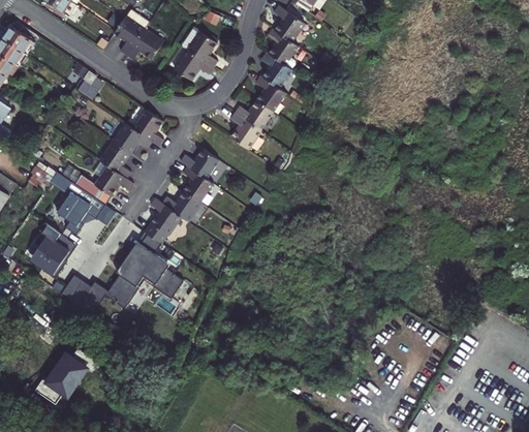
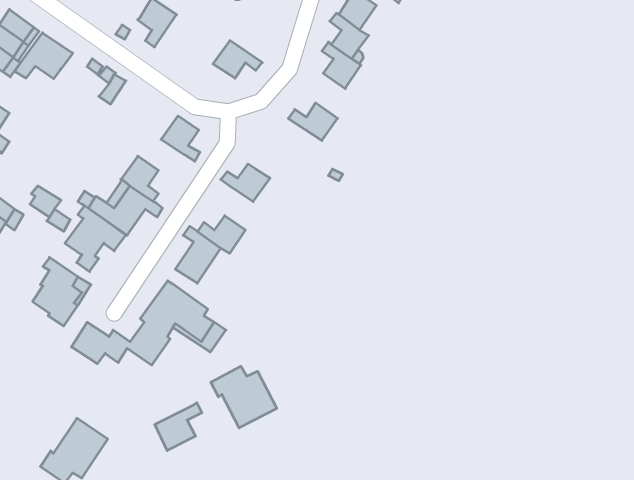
building: [127,30,163,60] -> none
building: [187,32,217,68] -> none
building: none -> [15,33,73,79]
building: [255,75,285,113] -> none
building: [229,113,260,149] -> none
building: [114,124,151,154] -> none
building: [182,166,213,202] -> none
building: none -> [211,366,277,428]
building: none -> [155,403,202,451]

